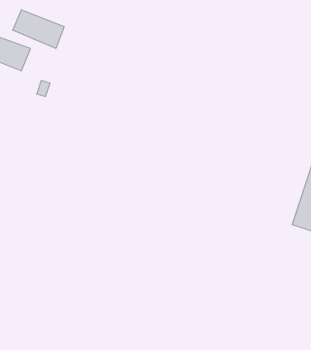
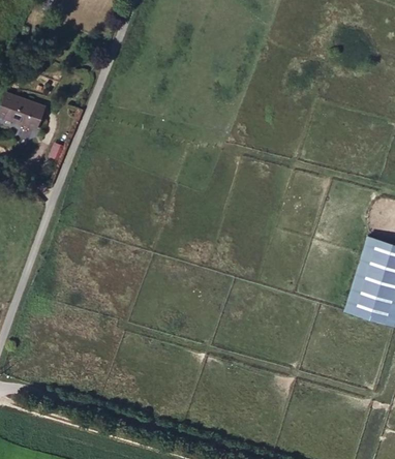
building: [13,10,64,48] -> none

